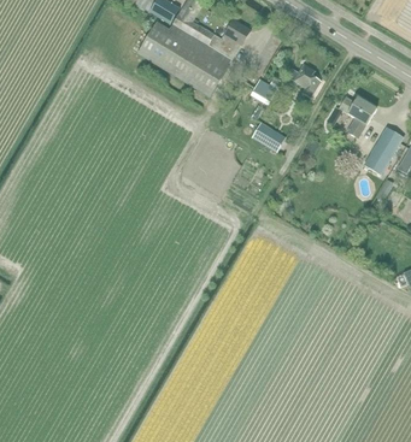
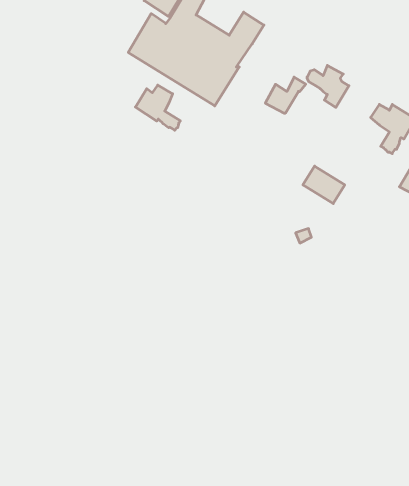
building: none -> [135,85,180,130]
building: [251,122,286,153] -> [303,166,345,204]

